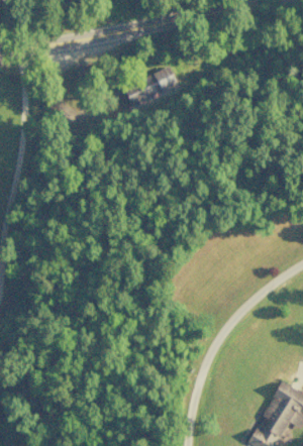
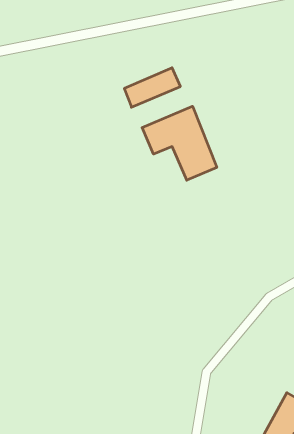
building: none -> [142,106,217,180]

